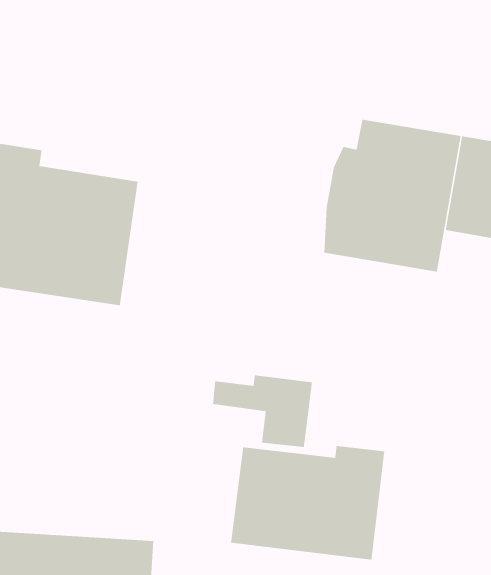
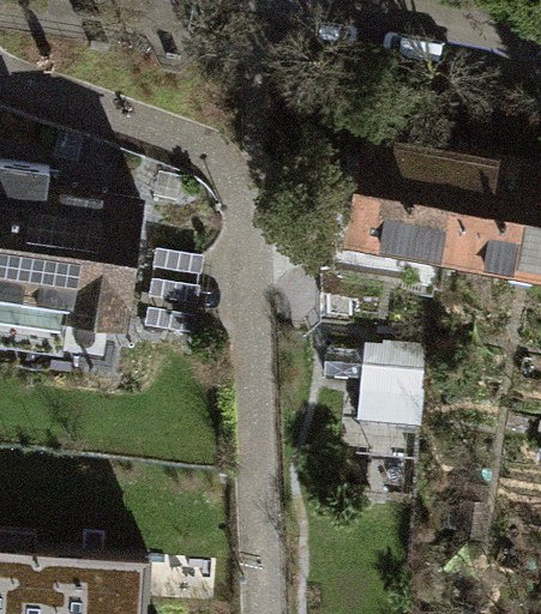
building: [212,375,313,448] -> [325,351,426,425]
building: [230,445,385,561] -> none

